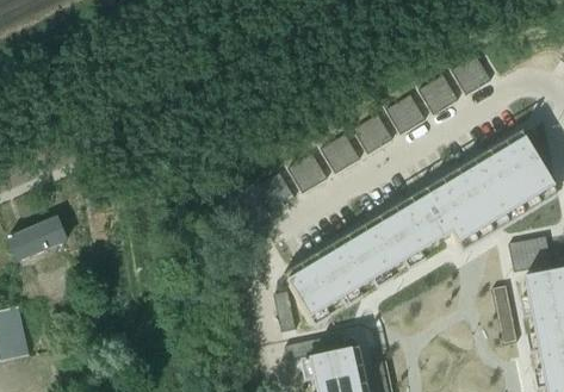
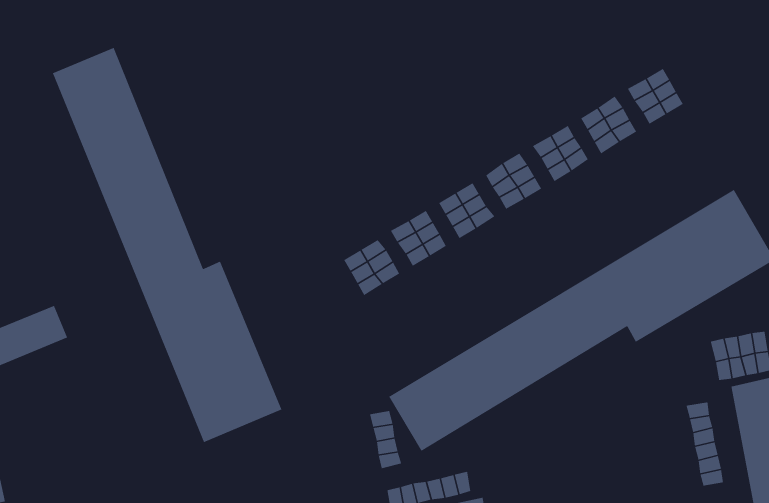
building: none -> [52,47,283,443]

